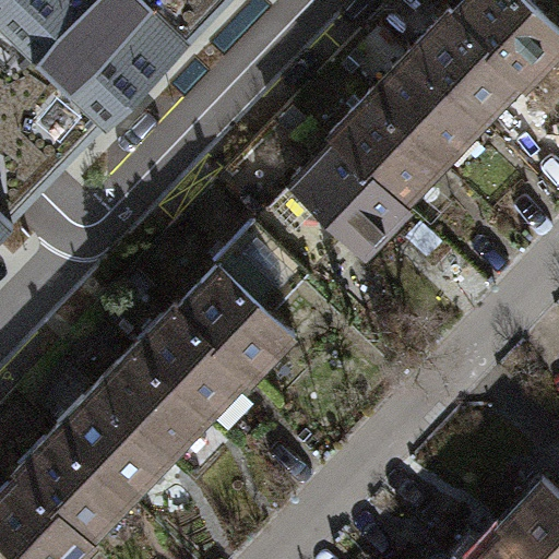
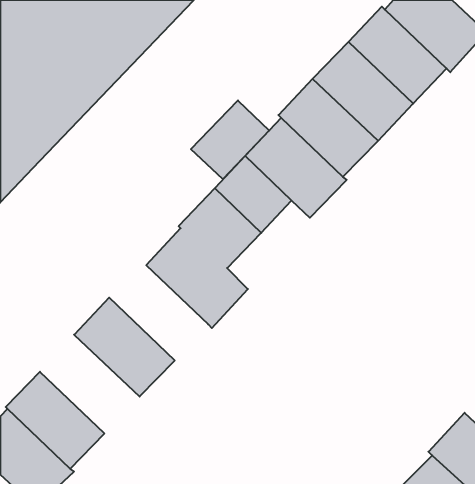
building: none -> [191,100,269,179]
building: [138,304,251,416] -> none
building: [58,386,173,500] -> none

